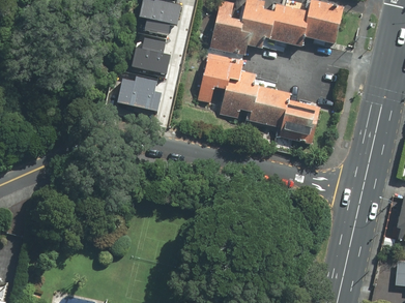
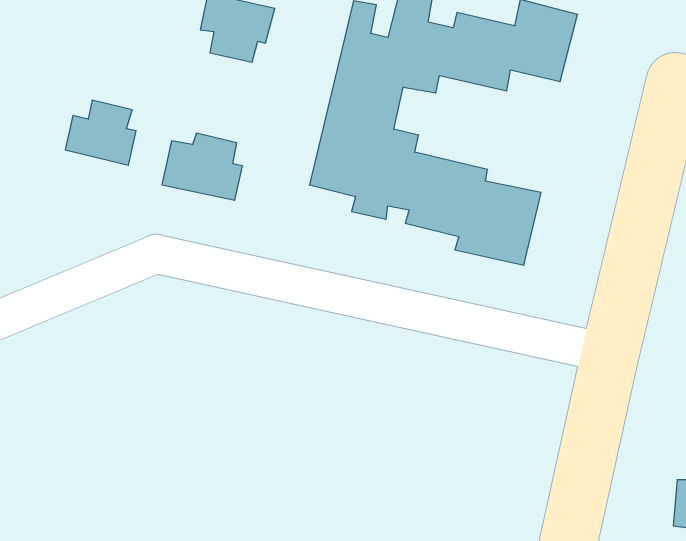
building: [129,39,168,74] -> [65,100,136,165]

